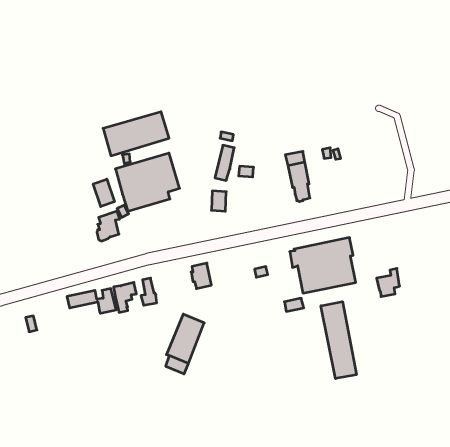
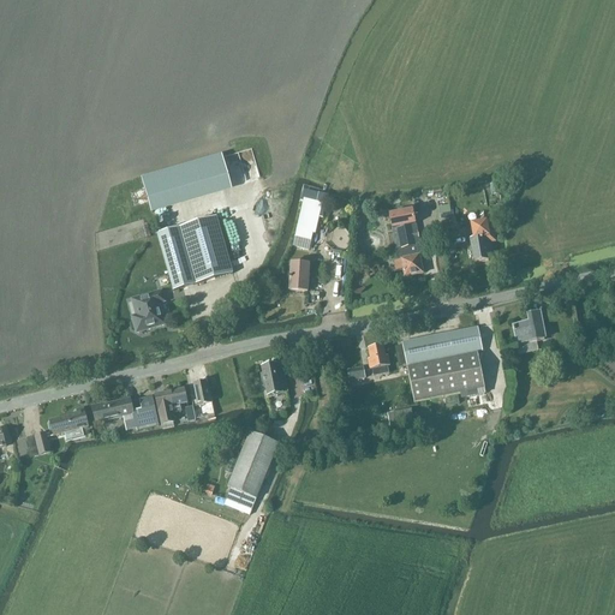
building: none -> [470,219,496,261]
building: [93,179,114,207] -> none
building: none -> [366,342,389,372]
building: [377,268,400,297] -> [513,311,544,350]
building: none -> [50,406,88,432]
building: [321,302,356,379] -> none

